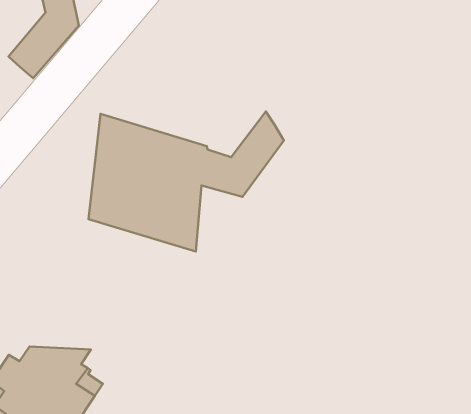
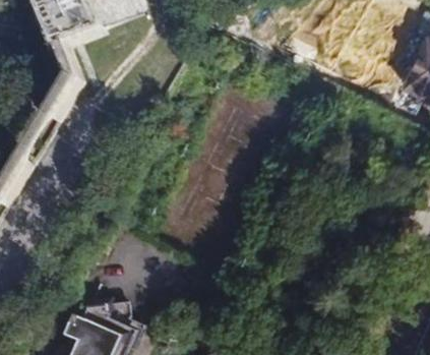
building: [89,112,284,251] -> none

